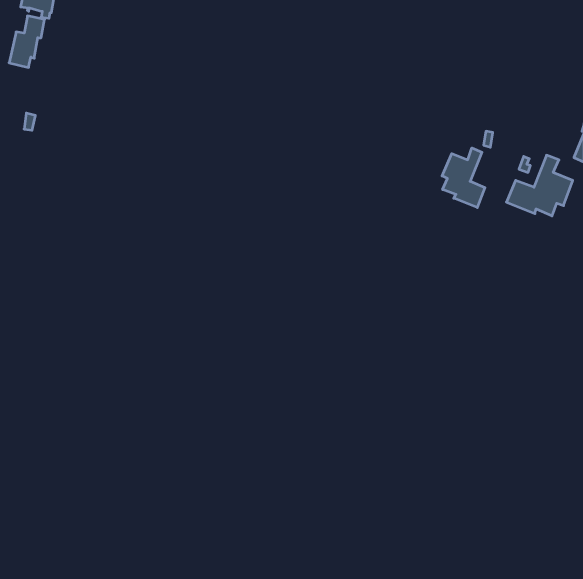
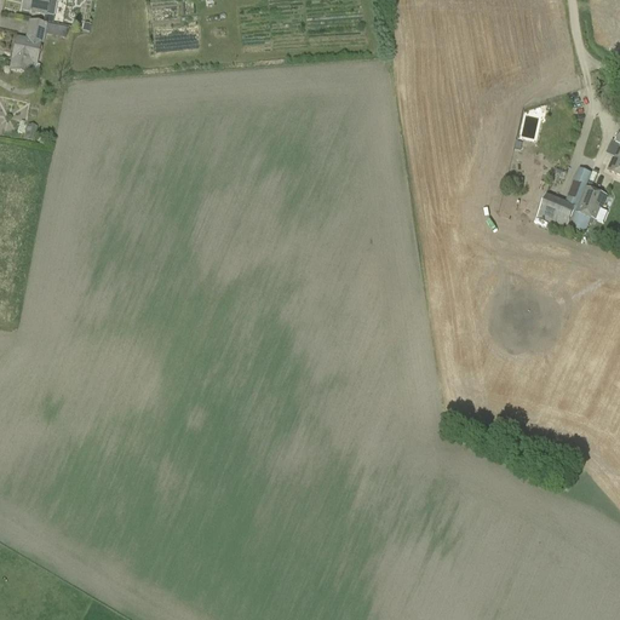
building: [442,148,485,208] -> none

